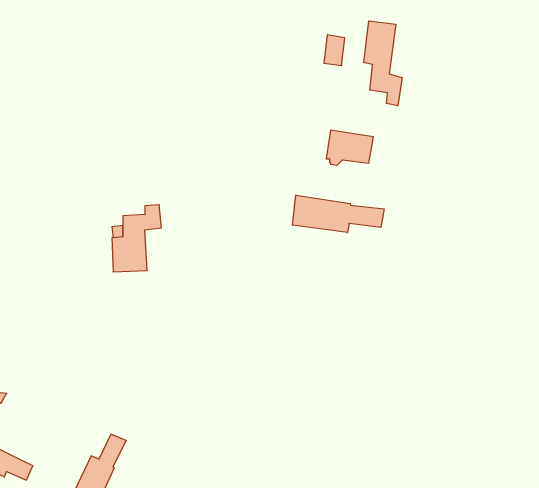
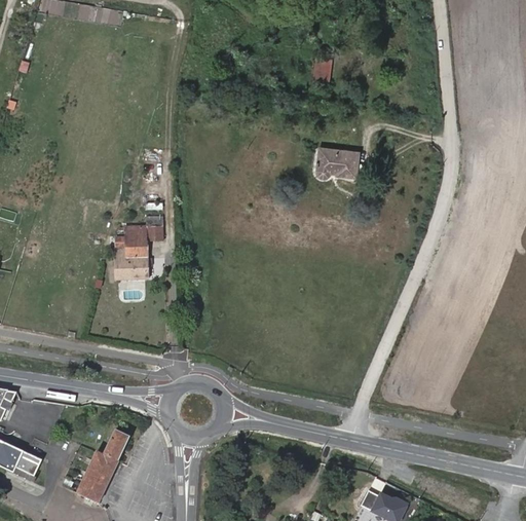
building: [364,21,402,106] -> none
building: [293,195,384,233] -> none

